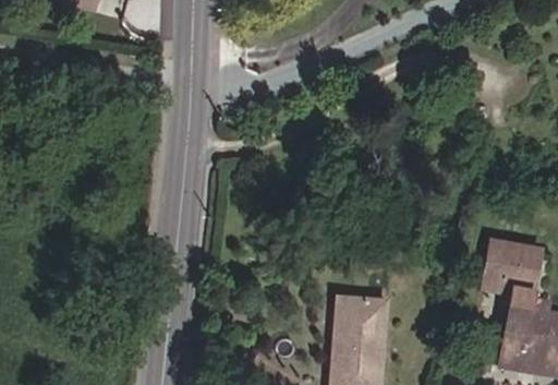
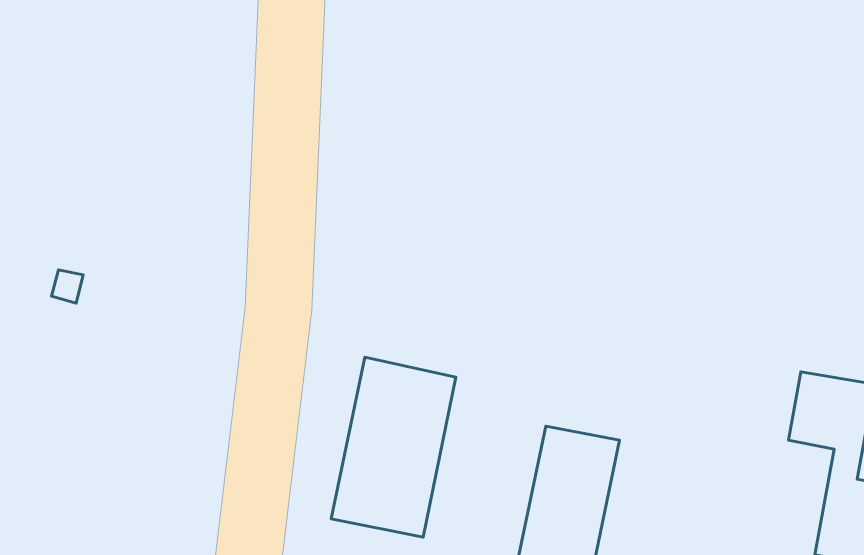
building: none -> [331,357,456,537]

